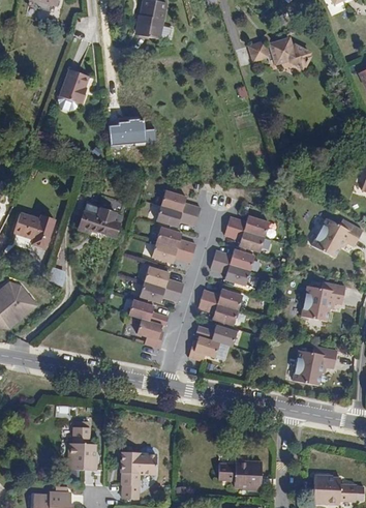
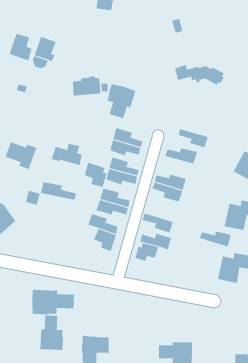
building: [246,39,310,66] -> [174,64,224,85]
building: none -> [9,33,32,61]
building: none -> [107,83,136,119]
building: [223,223,263,248] -> [178,129,209,148]
building: none -> [84,162,107,188]
building: none -> [40,182,77,201]
building: [200,287,241,307] -> [199,231,231,247]
building: none -> [32,289,74,315]

